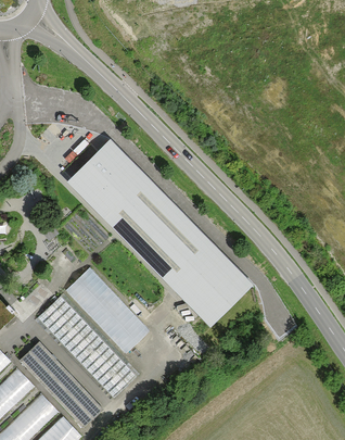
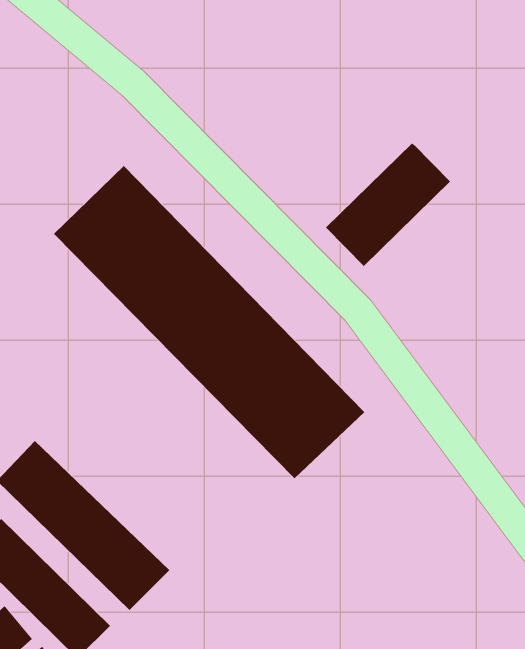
building: none -> [325,142,451,267]
building: [67,268,151,356] -> none

